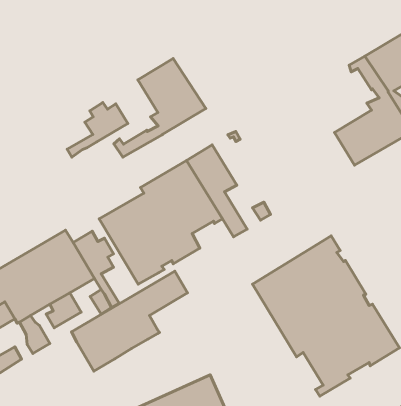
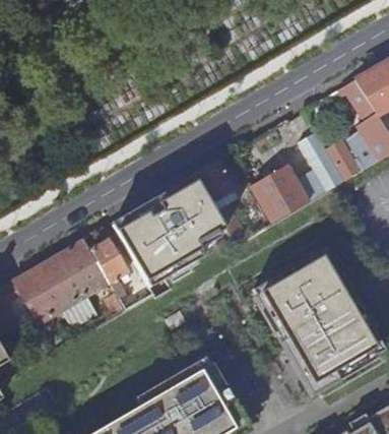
building: [114,59,206,157] -> none
building: [67,103,128,157] -> none
building: none -> [252,132,344,223]
building: [71,271,187,371] -> none

